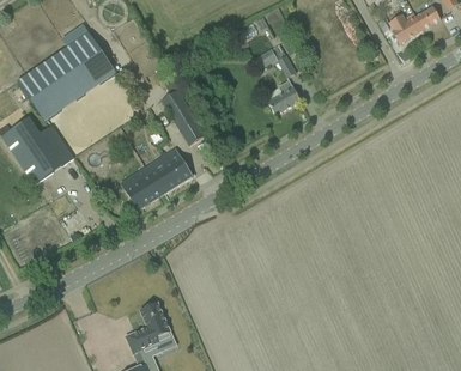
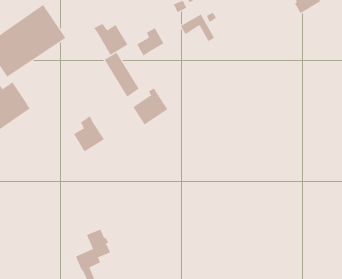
building: none -> [93,23,128,56]
building: [267,80,301,115] -> [136,27,164,56]
building: [148,148,192,194] -> [132,87,168,125]

